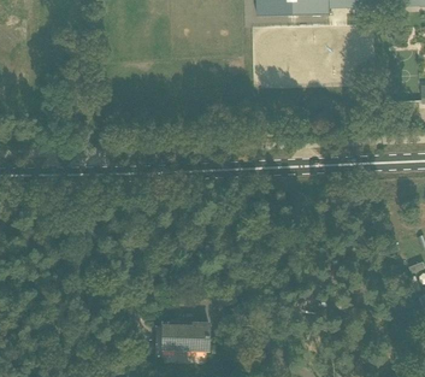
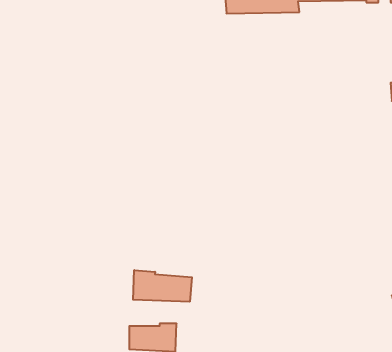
building: none -> [133,270,192,302]

